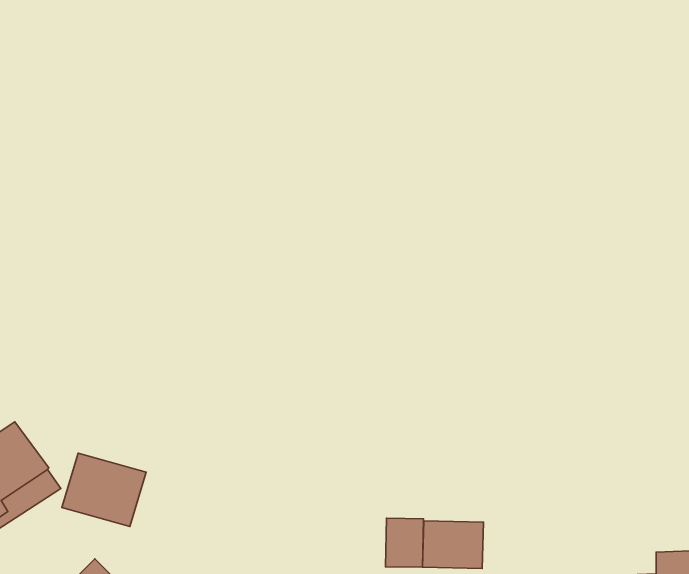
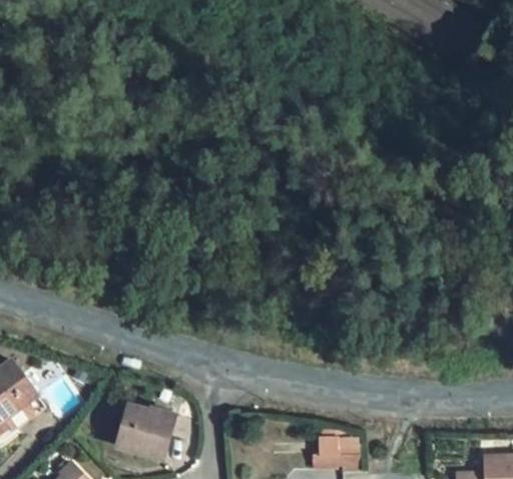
building: [62,453,146,526] -> [114,406,176,460]
building: [385,518,424,567] -> none

